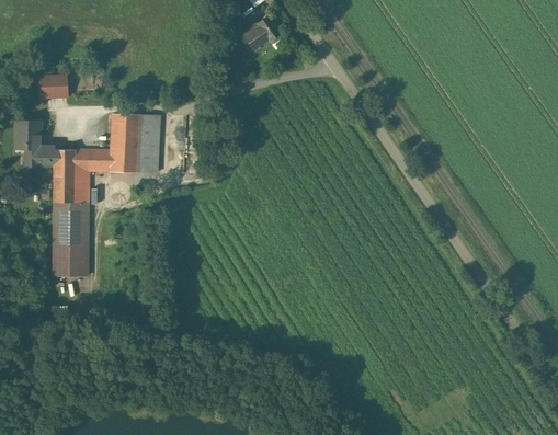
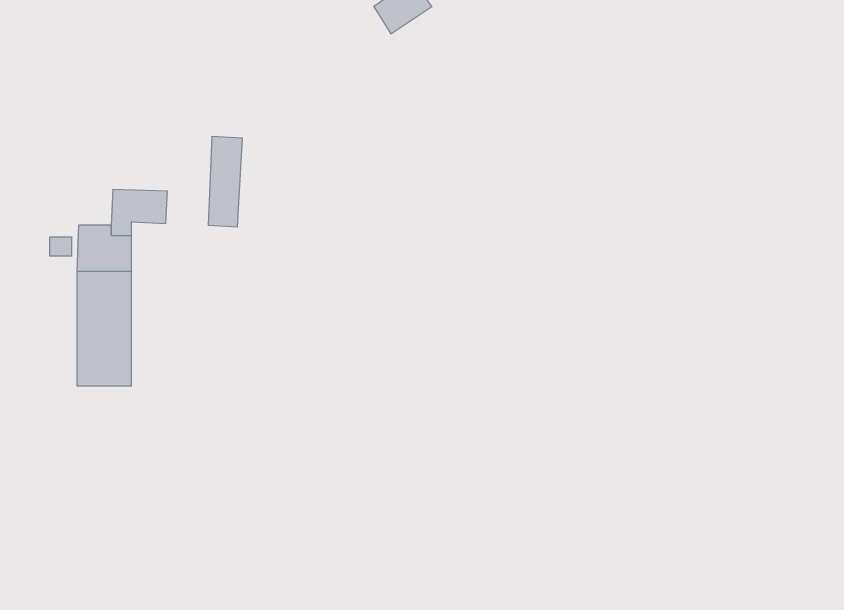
building: [38,73,69,99] -> none
building: [110,114,139,172] -> none
building: [14,119,76,172] -> none

